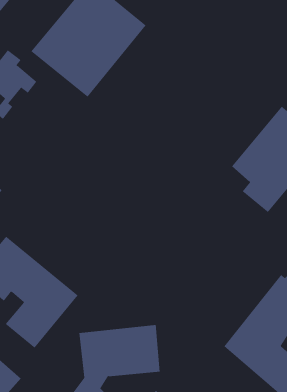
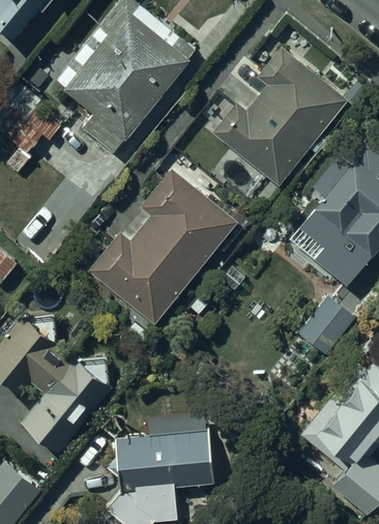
building: none -> [212,43,354,187]
building: none -> [87,168,240,328]
building: none -> [299,298,358,358]

